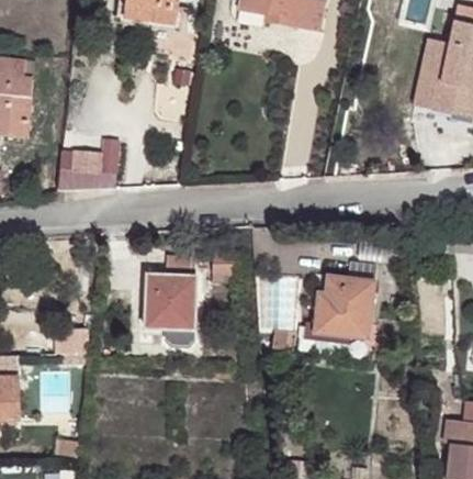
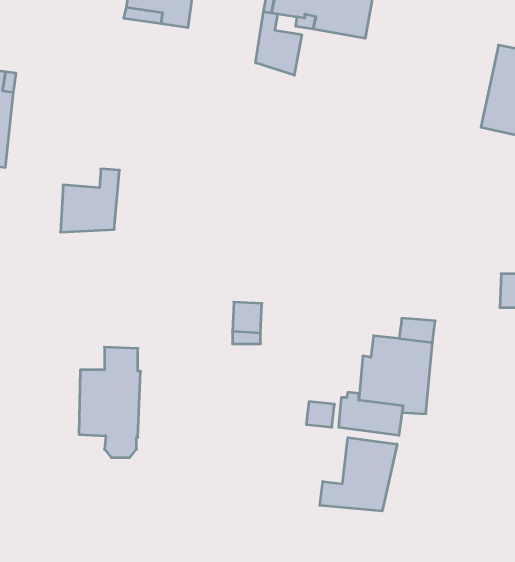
building: none -> [256,11,302,75]
building: [145,255,195,345] -> [79,347,141,457]
building: none -> [320,438,397,511]

